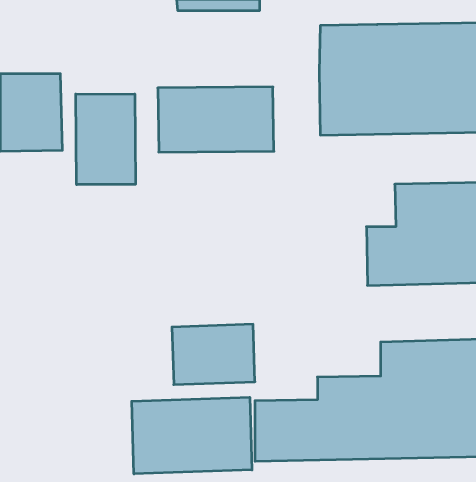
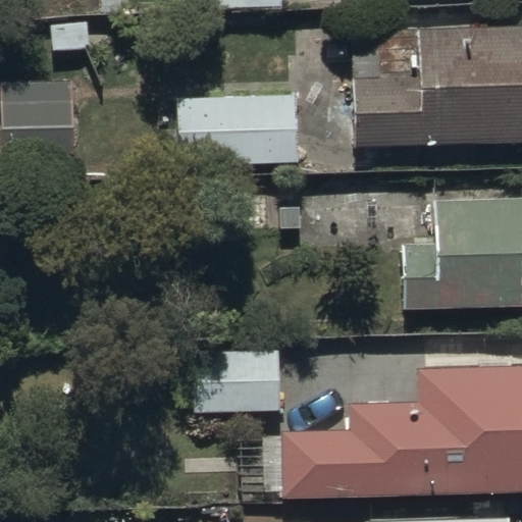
building: [76,94,135,185] -> none
building: [132,397,252,474] -> none

